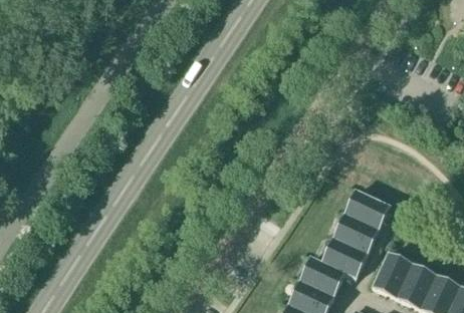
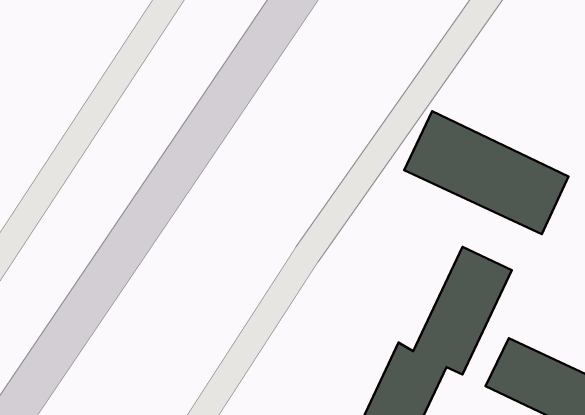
building: none -> [404,111,568,234]

